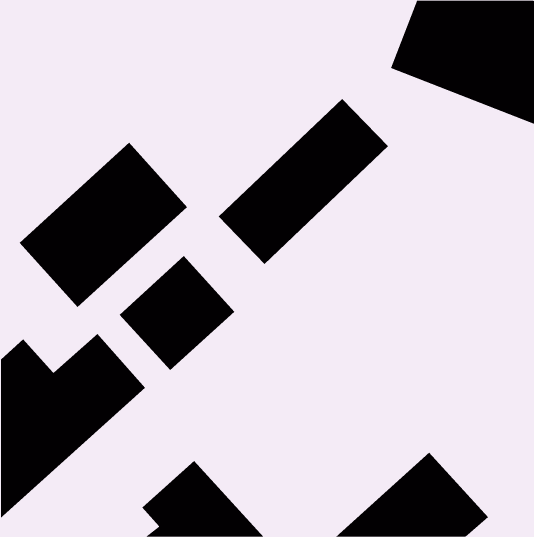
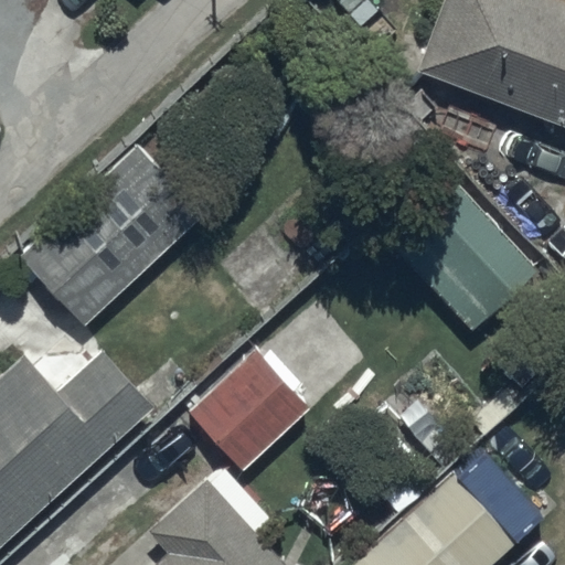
building: [218,98,389,265] -> none
building: none -> [392,186,540,335]
building: [119,255,235,371] -> [186,349,309,470]

